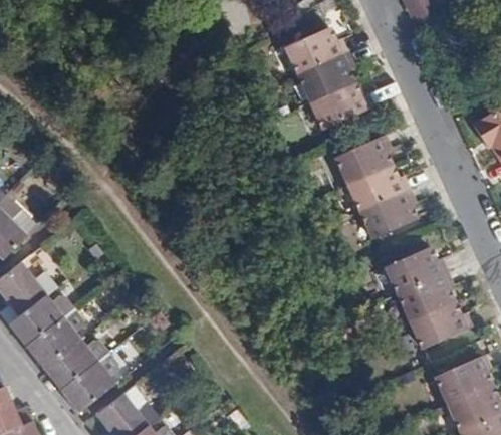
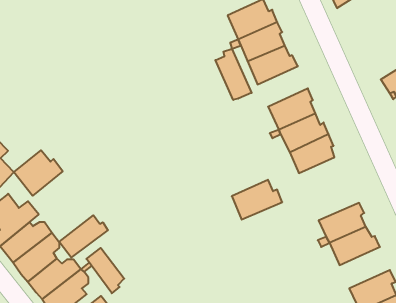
building: none -> [215,49,252,100]
building: none -> [14,150,63,196]
building: [385,246,446,294] -> [232,180,282,220]
building: none -> [59,215,108,257]
building: none -> [86,248,124,293]

